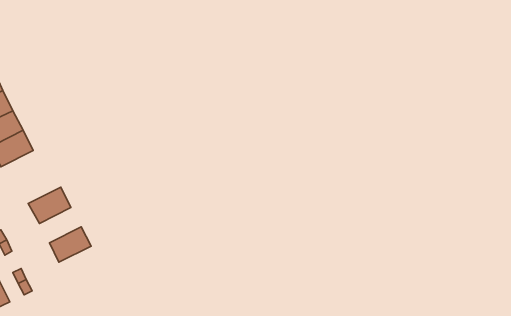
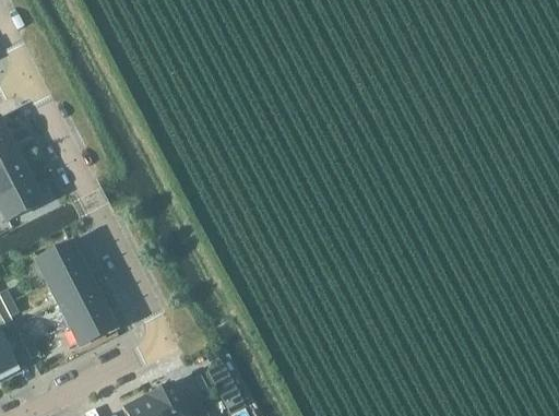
building: none -> [47,263,92,301]
building: none -> [68,305,114,345]

